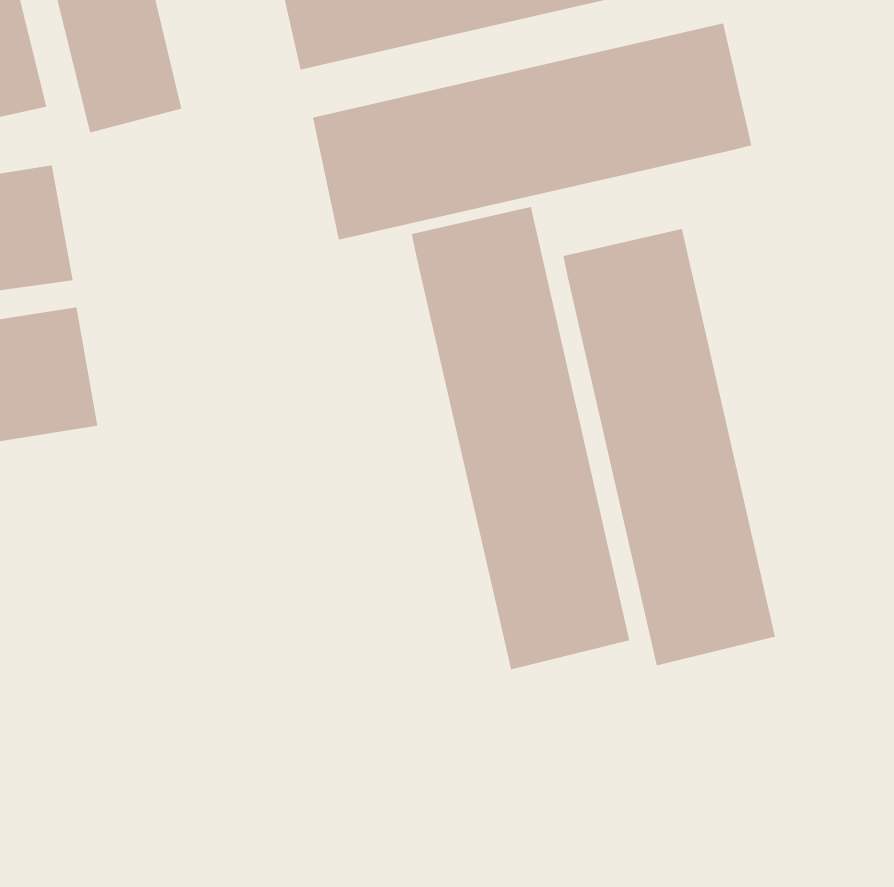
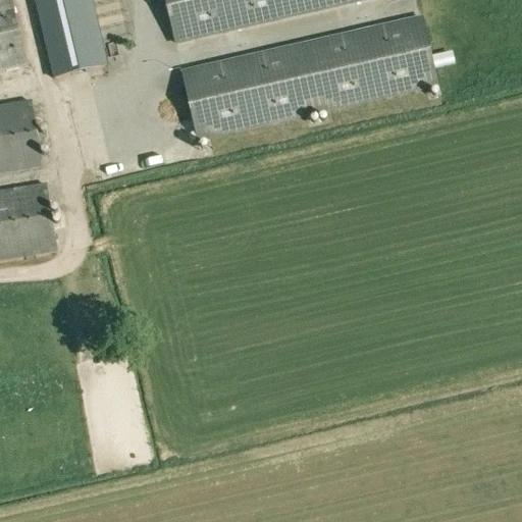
building: [411,206,630,670] -> none
building: [563,228,775,666] -> none

